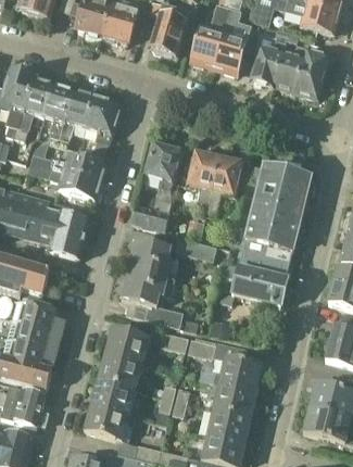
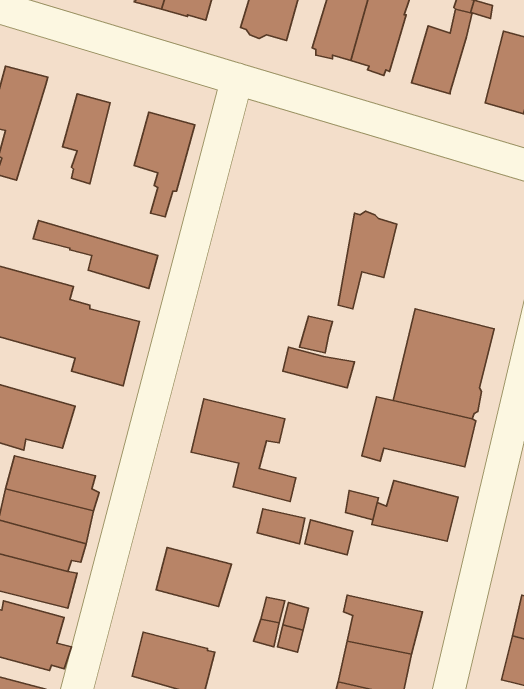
building: [273,47,304,91] -> none
building: [16,80,52,139] -> none
building: [60,91,94,141] -> none
building: [144,141,180,188] -> none
building: [187,152,216,211] -> none
building: [29,153,105,181] -> none
building: [252,165,311,225] -> none
building: [130,198,171,230] -> none
building: [127,237,177,278] -> none
building: [105,329,150,364] -> none
building: [212,356,263,392] -> [372,481,458,541]
building: [91,379,136,414] -> none

